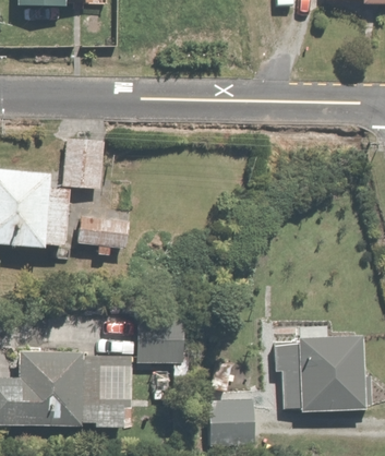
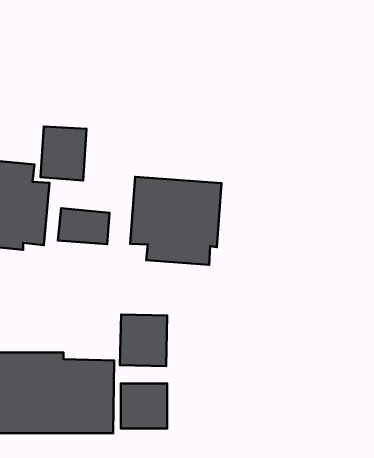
building: none -> [130,177,221,265]
building: [273,333,364,411] -> none
building: [210,397,254,440] -> [121,383,167,428]

